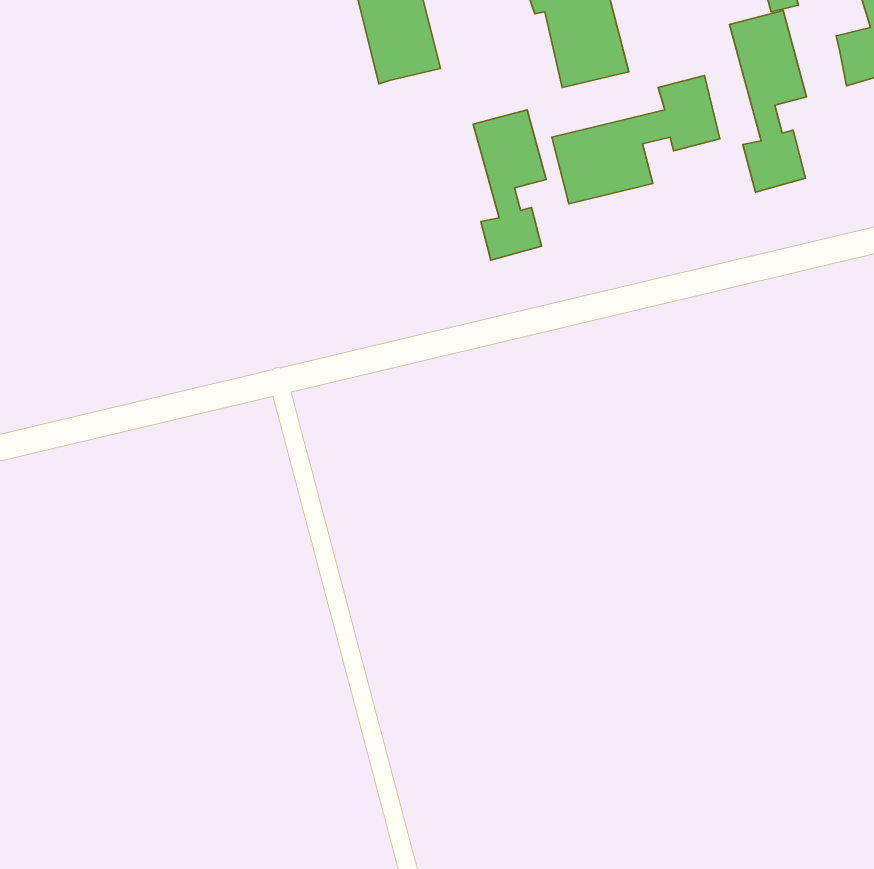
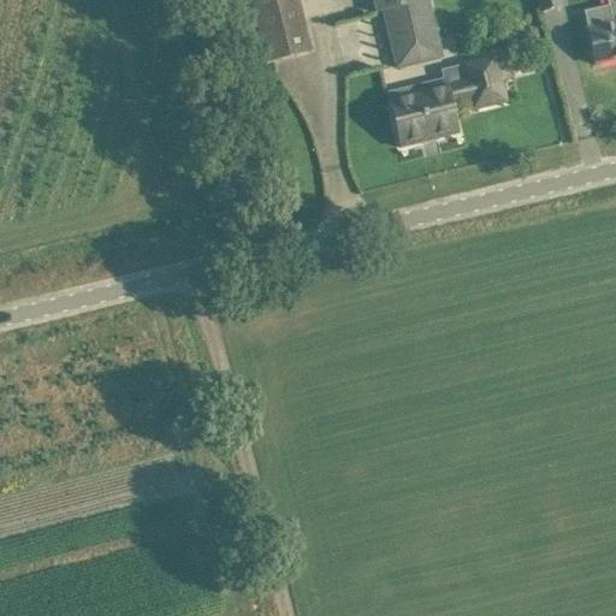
building: [730,11,806,192] -> none
building: [473,110,546,260] -> none

